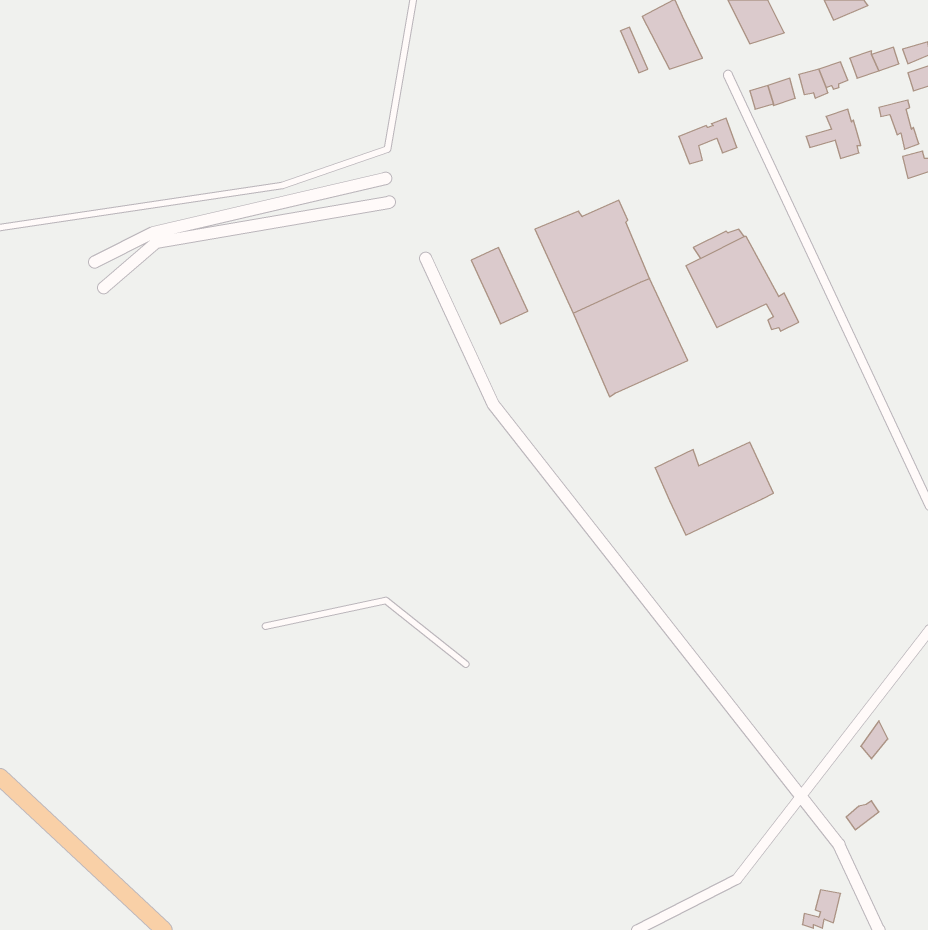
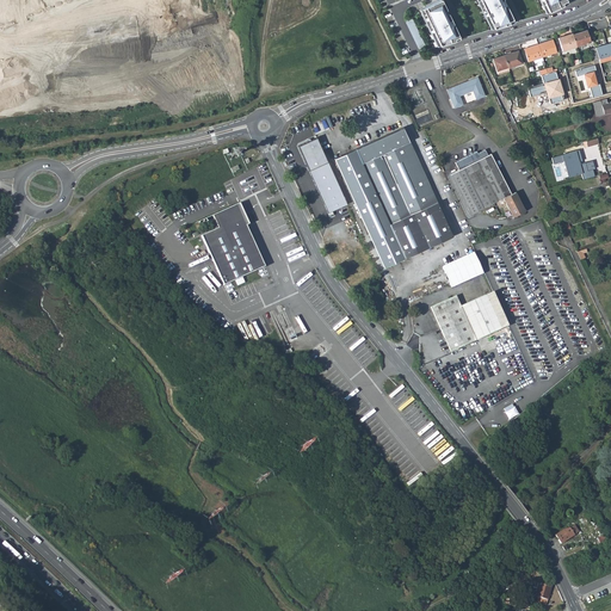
building: none -> [300,138,328,171]
building: none -> [554,149,597,179]
building: none -> [334,150,401,267]
building: none -> [203,203,266,285]
building: none -> [443,252,485,289]

